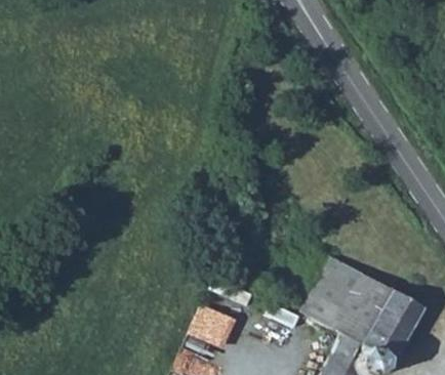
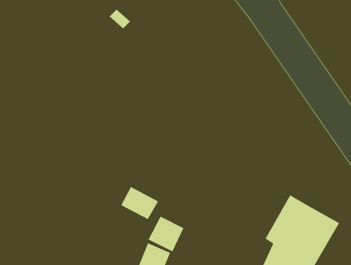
building: [302,256,363,328] -> none
building: none -> [120,186,159,220]

